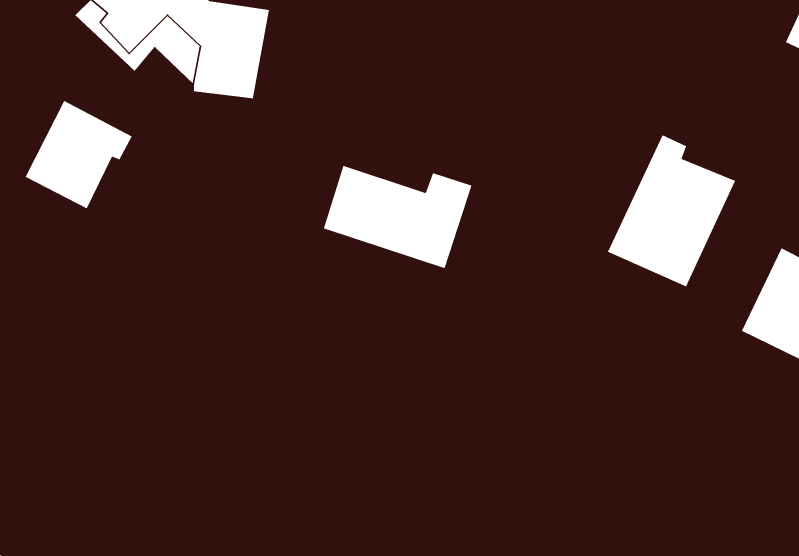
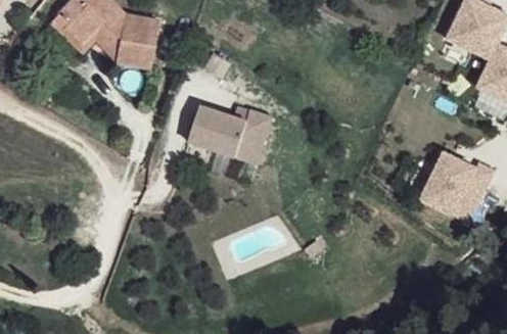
building: [24,100,133,210] -> none
building: [607,134,736,288] -> none

